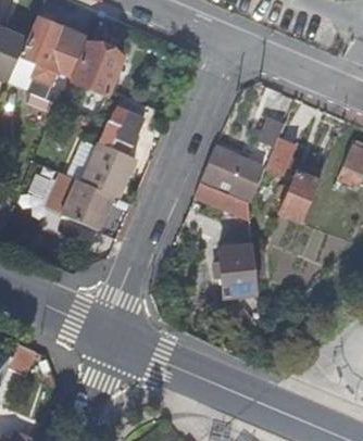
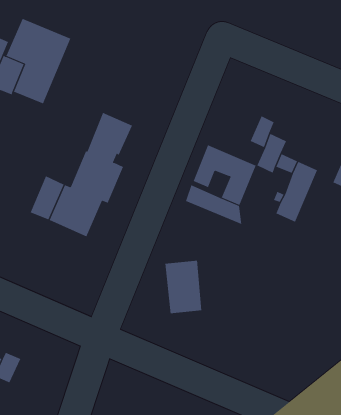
building: [72,45,123,96] -> none
building: [220,247,256,299] -> [164,260,202,314]

